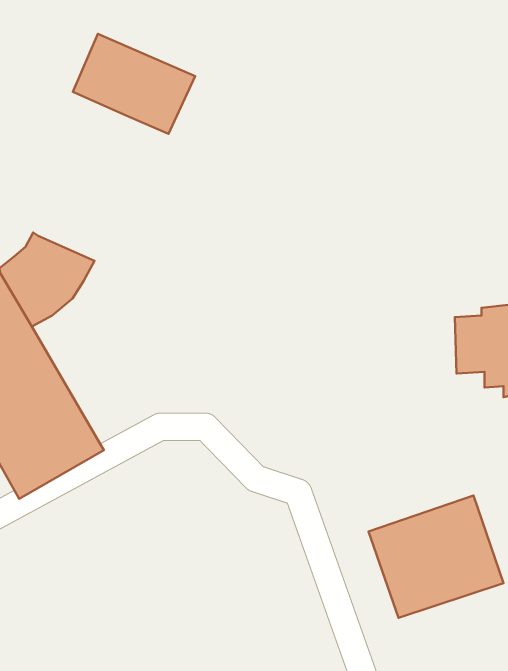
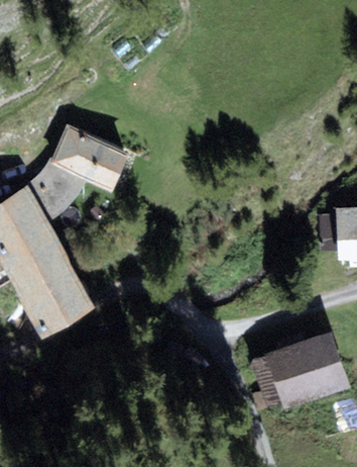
building: [73,34,195,134] -> [49,127,128,192]

